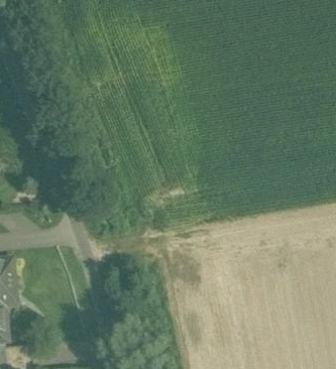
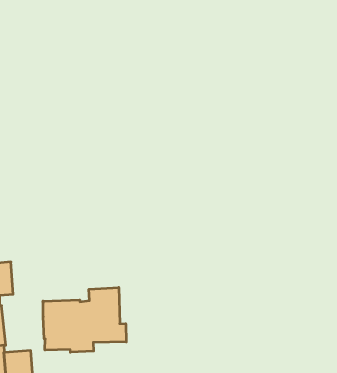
building: none -> [43,287,126,352]

